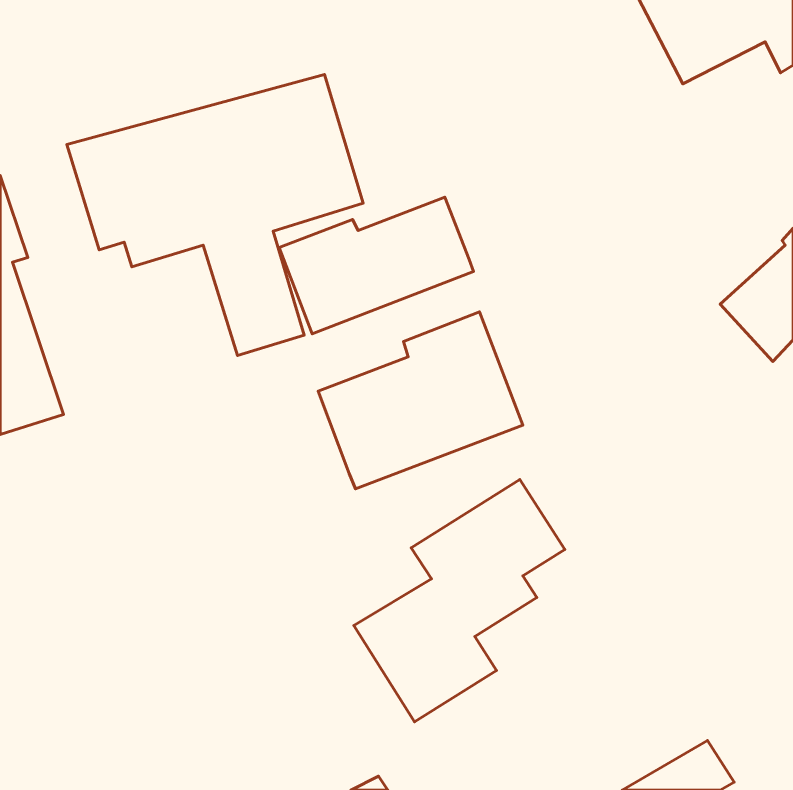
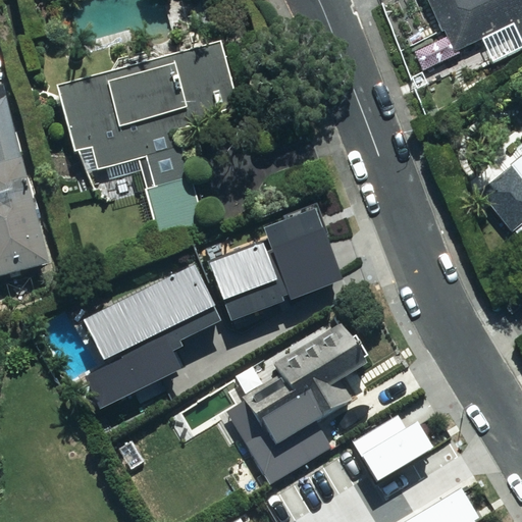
building: [279,197,474,334] -> none
building: none -> [84,263,218,408]
building: none -> [357,413,437,477]

